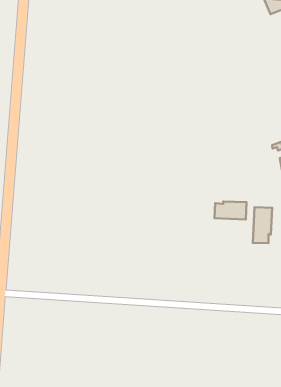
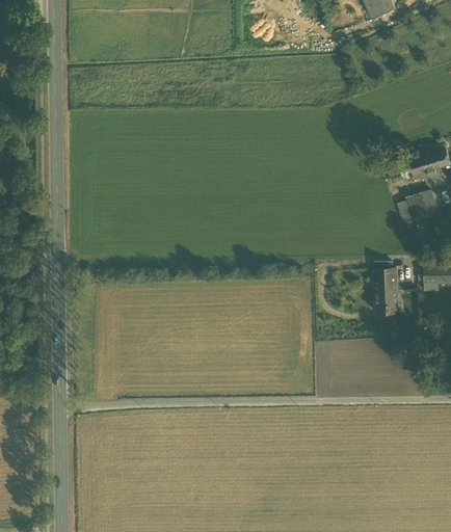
building: [214,201,247,219] -> none

